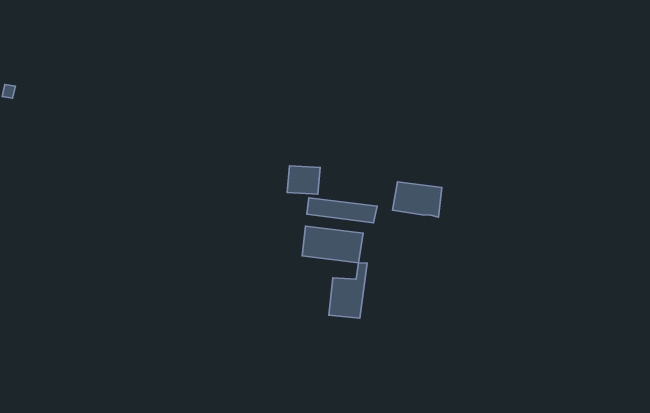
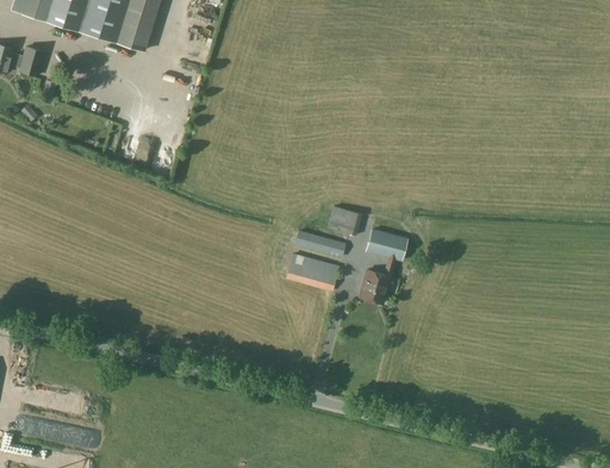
building: [287,166,320,194] -> [326,207,356,233]
building: [329,263,367,318] -> [361,258,398,304]

